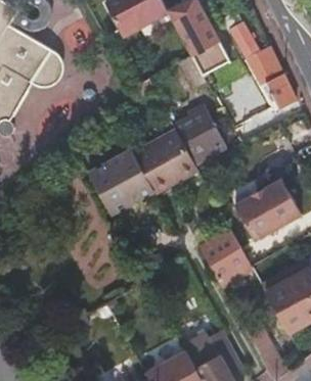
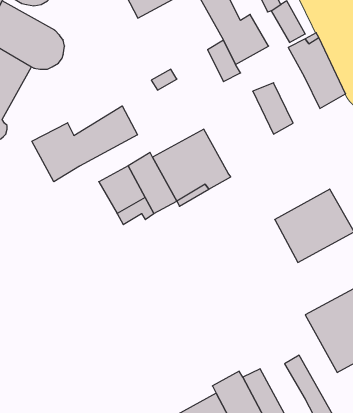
building: [174,105,227,163] -> none
building: none -> [32,106,137,182]
building: [198,229,252,284] -> none

